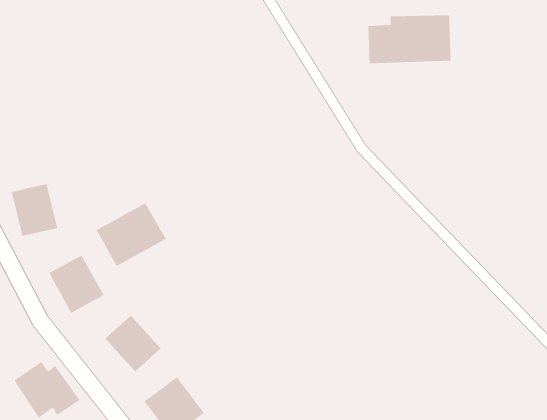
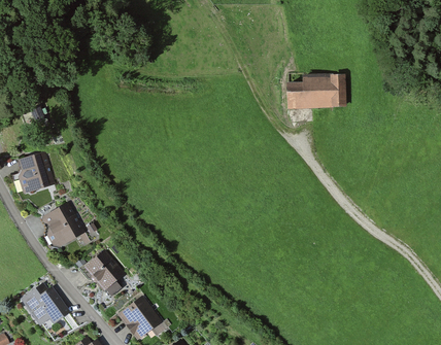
building: [367,15,451,64] -> [283,74,345,110]
building: [96,202,166,267] -> none

